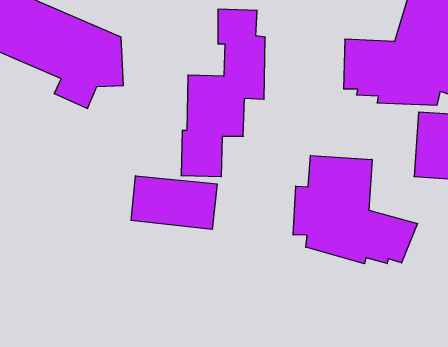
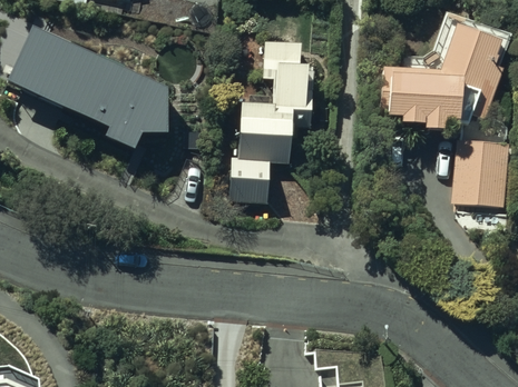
building: [293,155,418,264] -> none
building: [131,176,217,229] -> none

